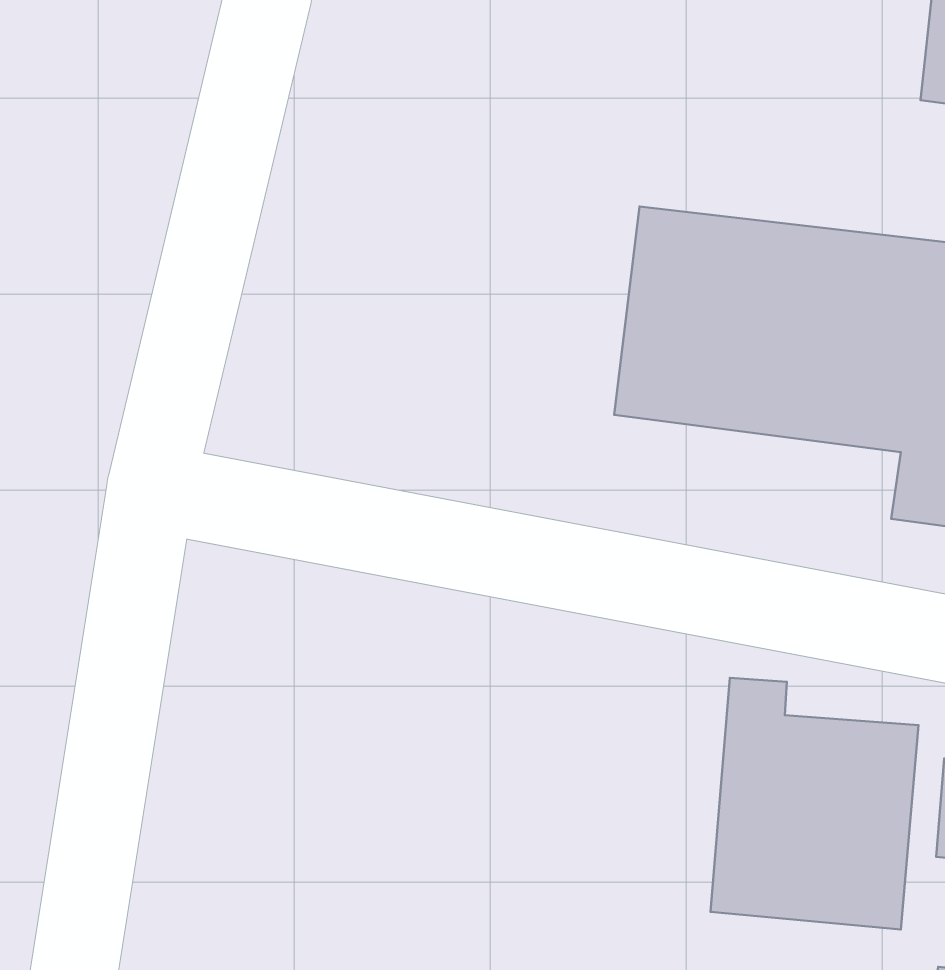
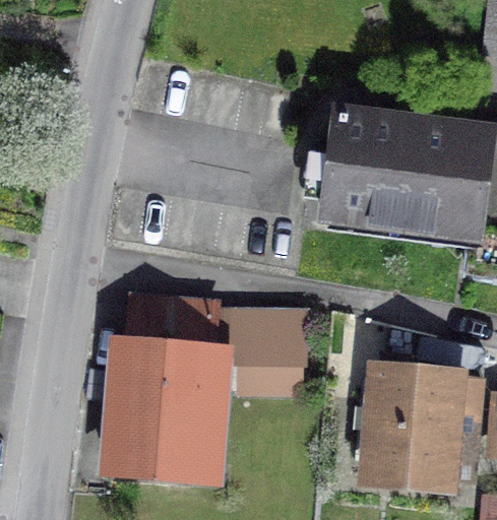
building: none -> [115,303,216,471]
building: none -> [233,322,310,396]

